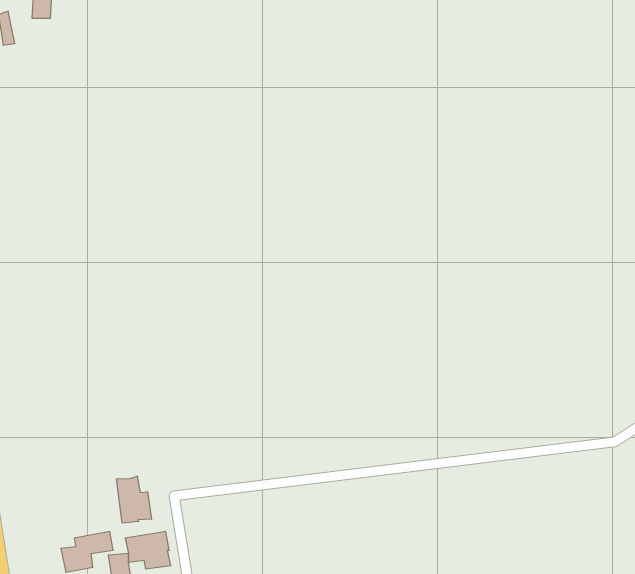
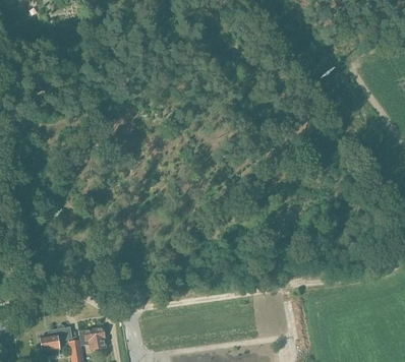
building: [117,476,152,523] -> none

